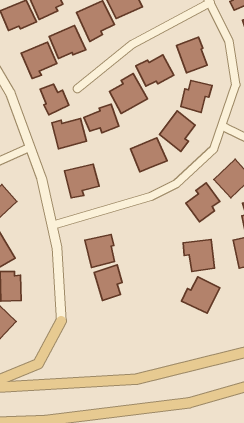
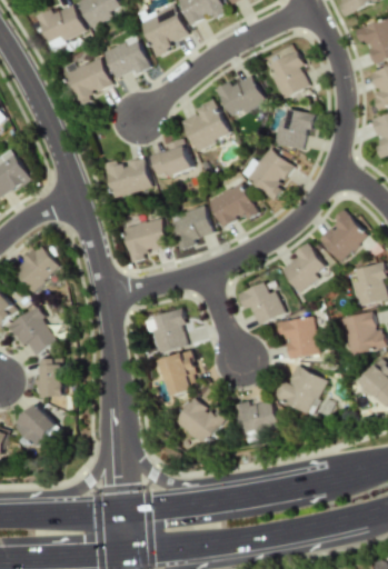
building: [40,84,69,115] -> none
building: none -> [170,206,213,246]
building: none -> [238,282,286,326]
building: none -> [238,397,280,437]
building: none -> [176,398,228,446]

